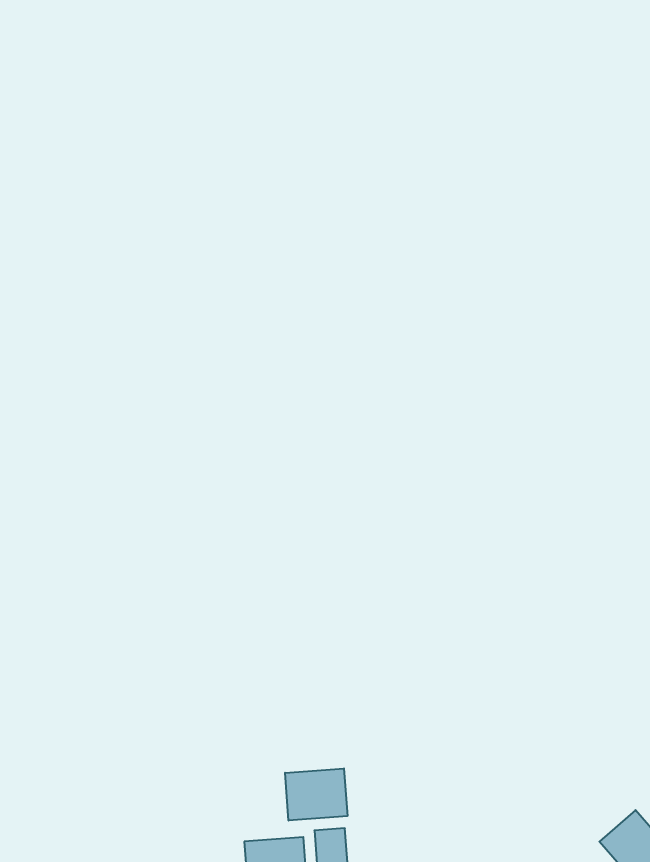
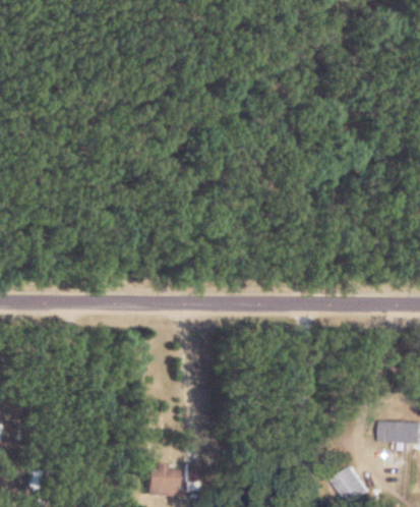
building: [285,768,347,821] -> none

